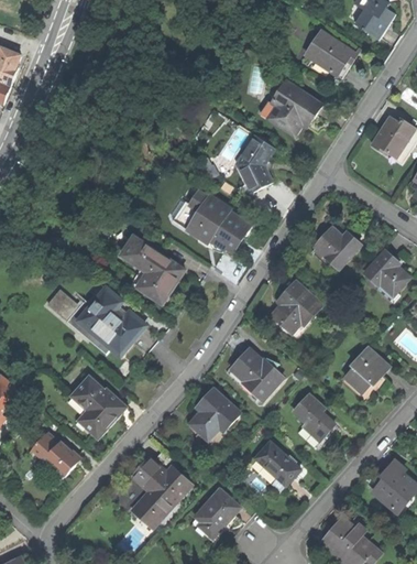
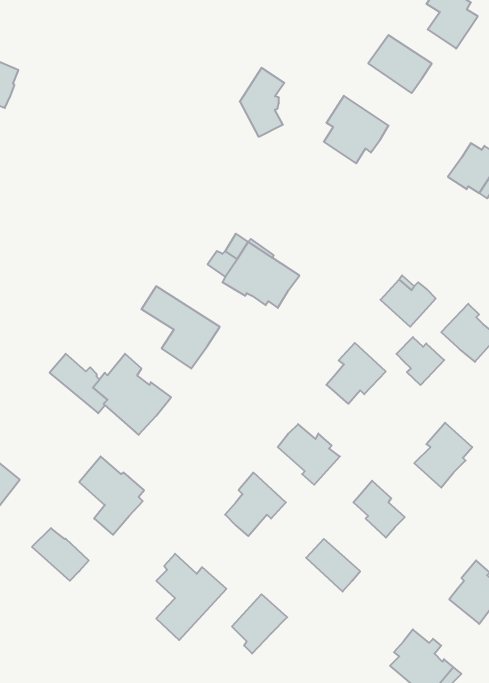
building: [237,134,273,191] -> [240,68,284,137]
building: none -> [396,337,444,385]

